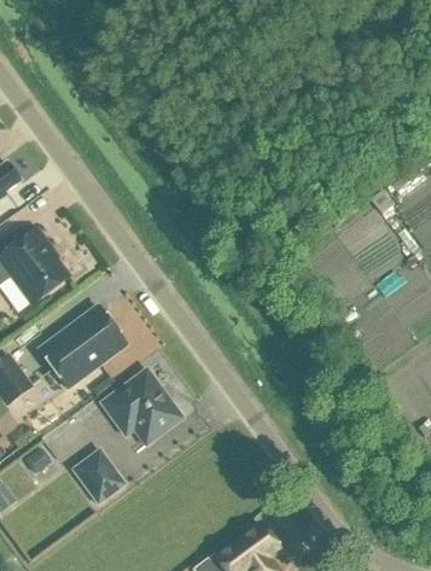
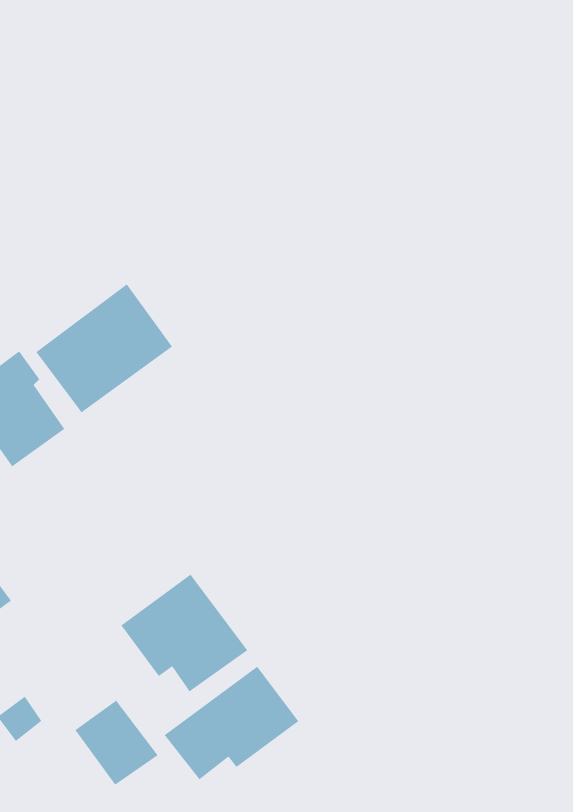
building: [40,304,127,386] -> [35,283,173,413]
building: none -> [164,666,299,780]

